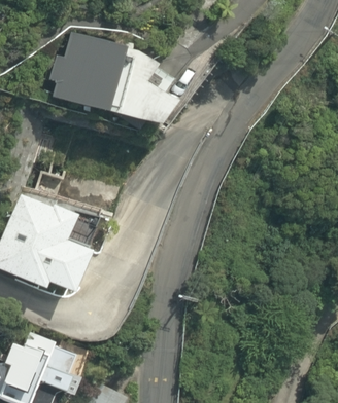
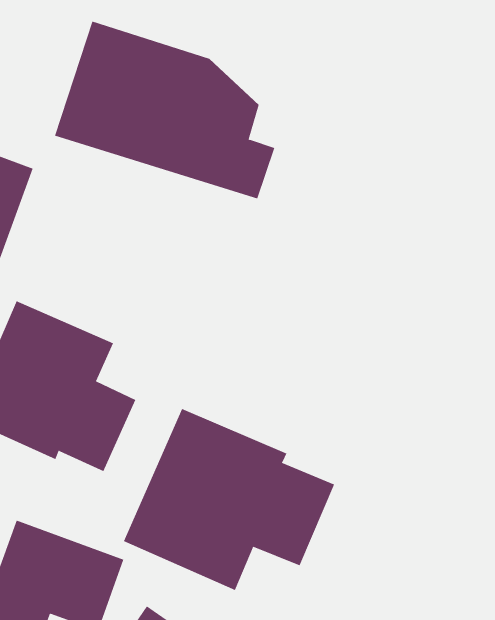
building: none -> [123,408,335,591]

